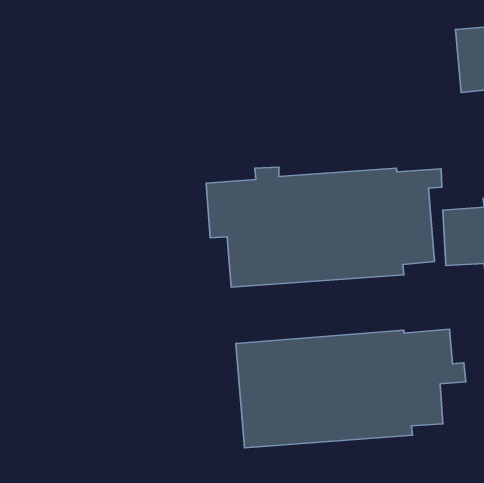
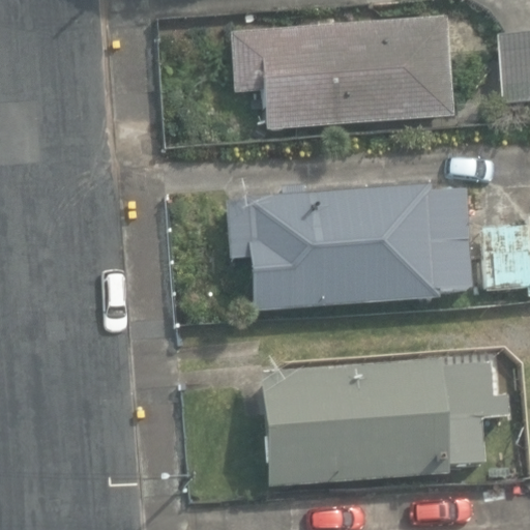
building: none -> [234,14,453,126]

